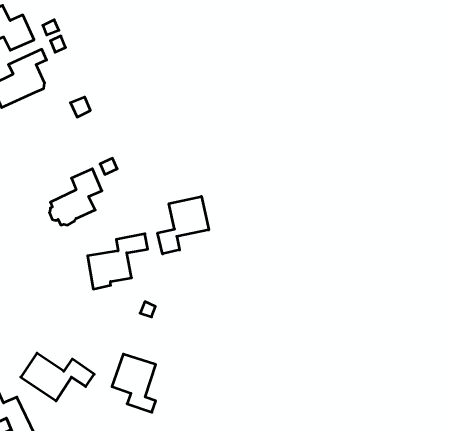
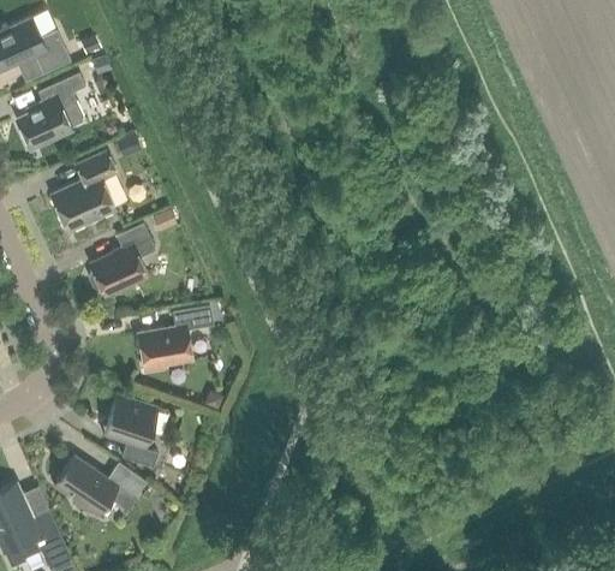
building: none -> [52,151,118,232]
building: [158,196,209,254] -> none
building: [112,354,156,412] -> [103,394,159,468]

